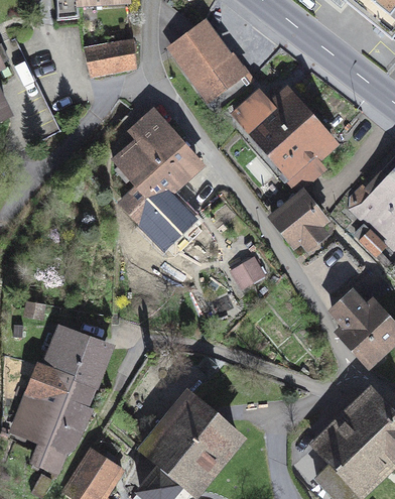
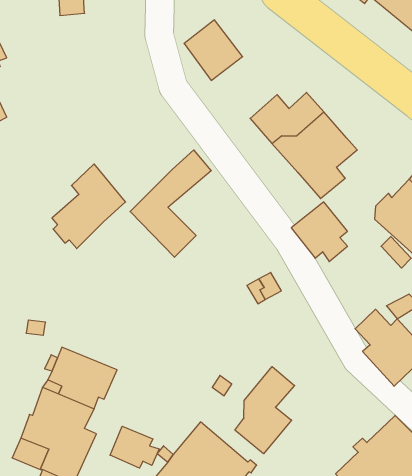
building: [86,38,135,74] -> none
building: [199,53,255,110] -> none
building: [114,107,182,185] -> [52,164,126,249]
building: none -> [235,367,295,454]
building: none -> [110,426,159,468]

